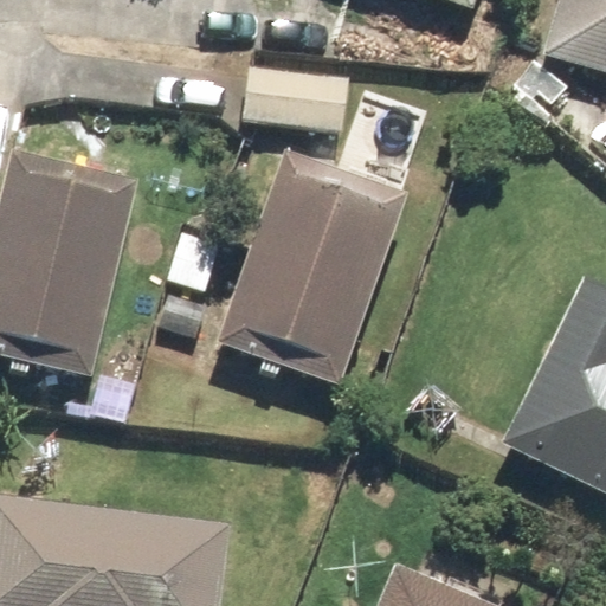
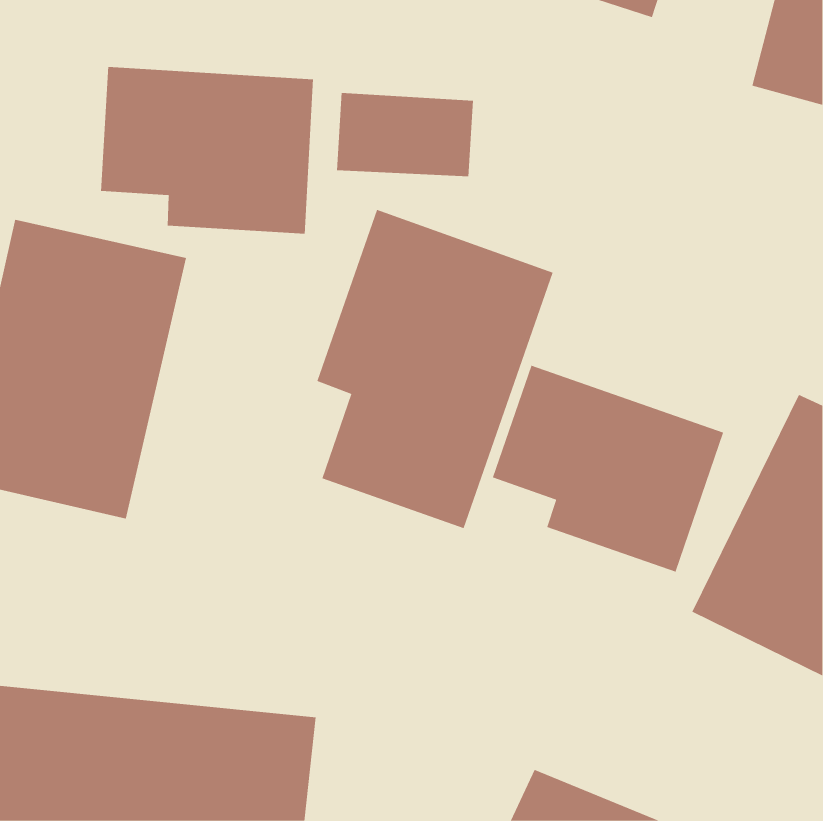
building: none -> [101,66,314,235]
building: none -> [492,365,724,573]

